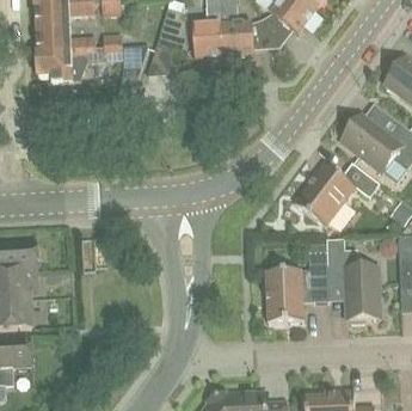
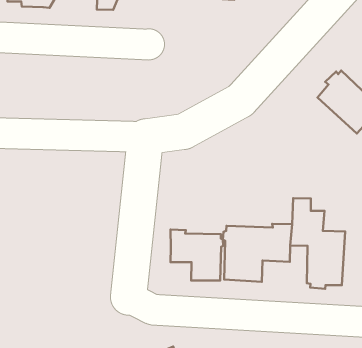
building: [294,161,379,226] -> none
building: none -> [170,230,223,281]

